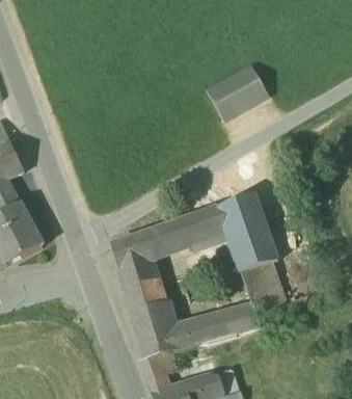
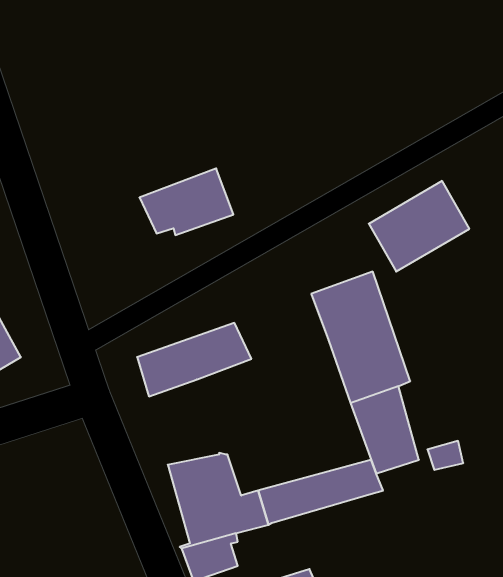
building: [207,64,268,119] -> [369,181,469,272]
building: [171,205,228,245] -> [139,168,233,235]
building: [119,257,162,309] -> none

